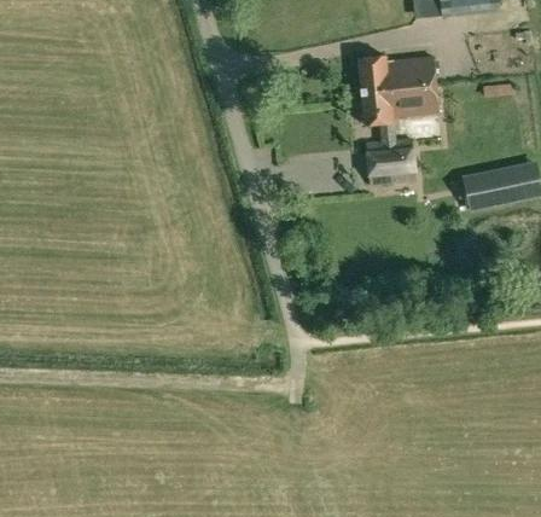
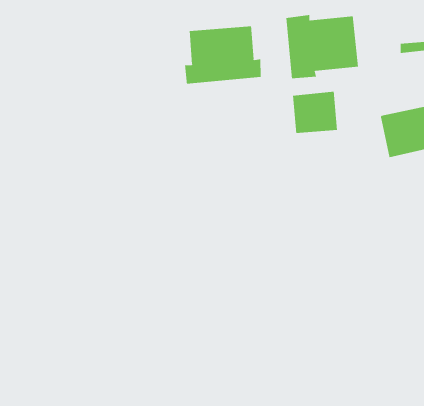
building: none -> [185,26,261,84]

